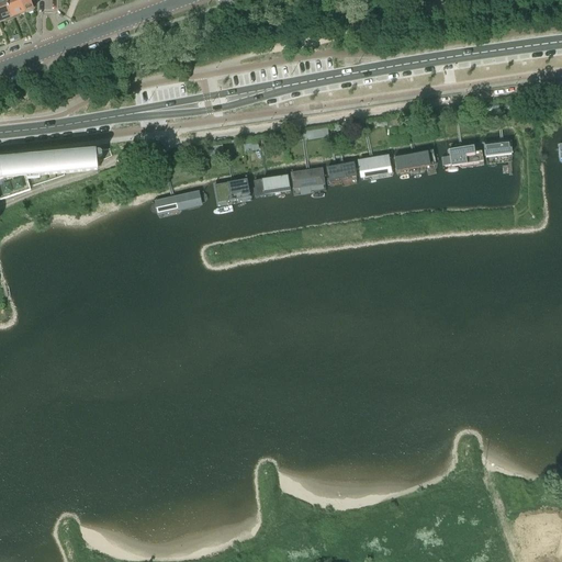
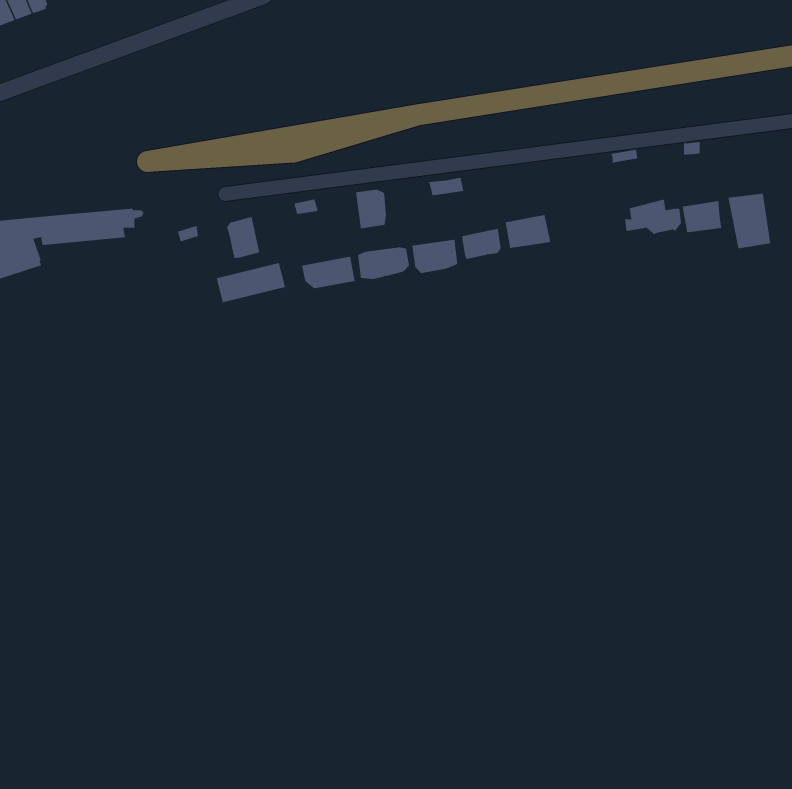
building: none -> [355,189,387,229]
building: none -> [728,193,771,249]
building: [395,148,439,175] -> none
building: none -> [227,216,260,259]

